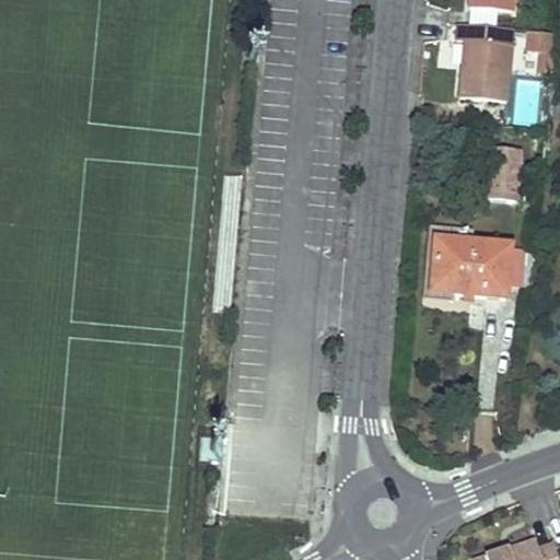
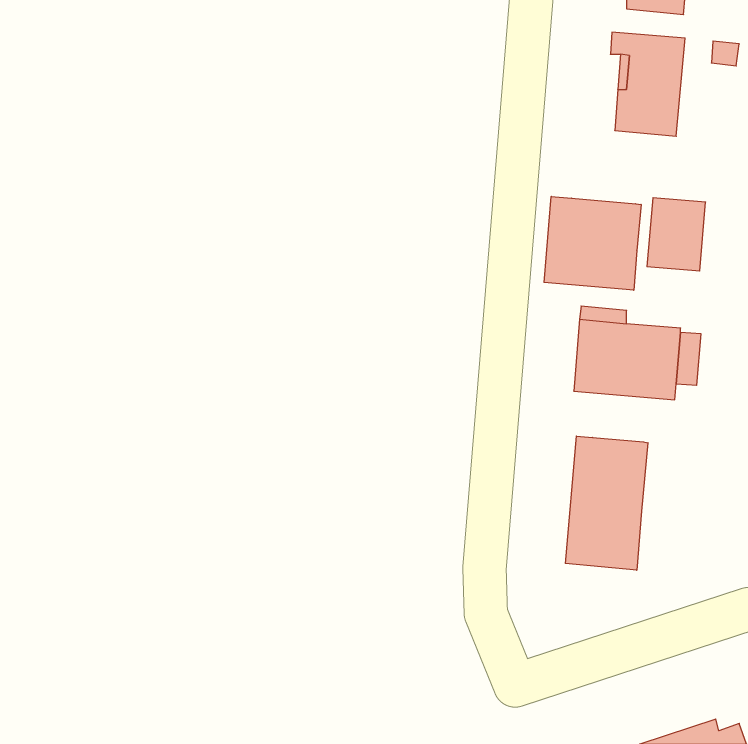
building: none -> [544,196,641,290]
building: none -> [565,436,648,570]

